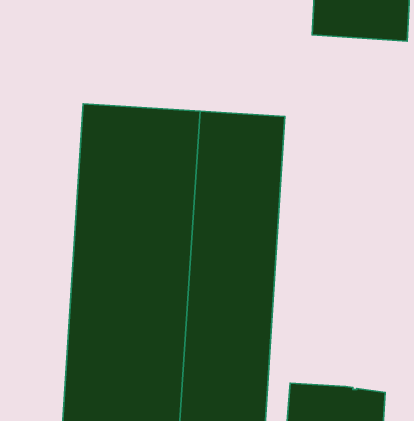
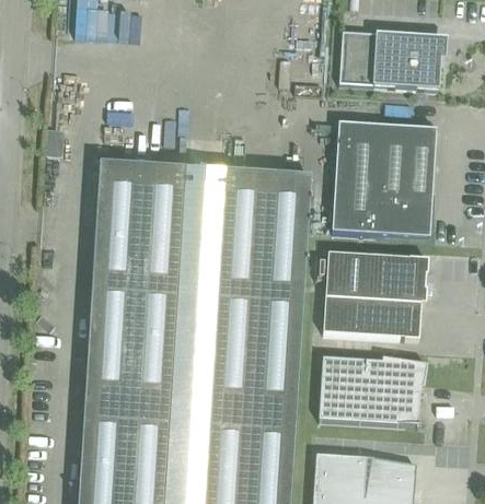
building: none -> [332,121,437,236]
building: none -> [323,251,429,338]
building: none -> [316,355,423,425]

